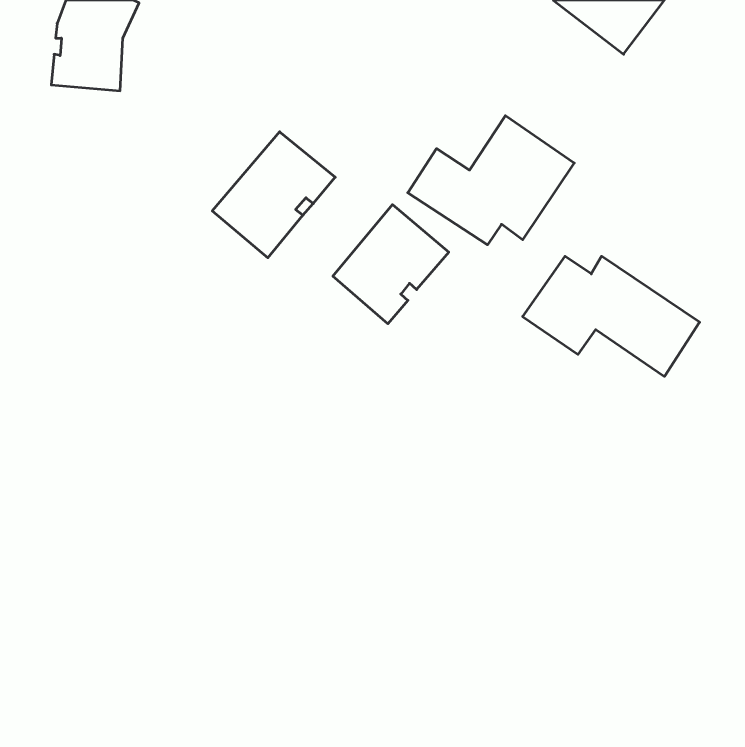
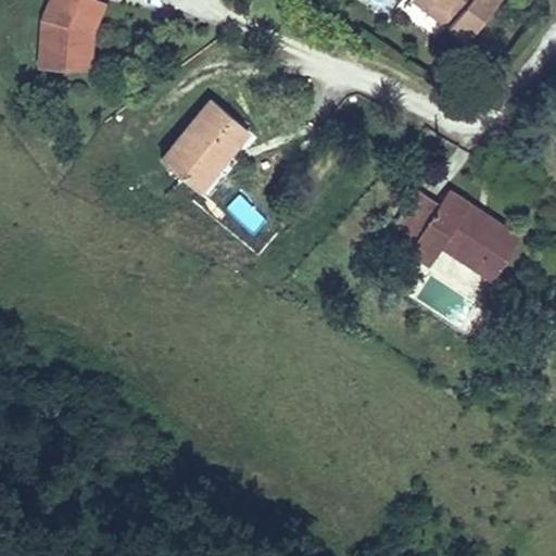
building: [408,116,574,245] -> none
building: [333,205,449,324] -> none

